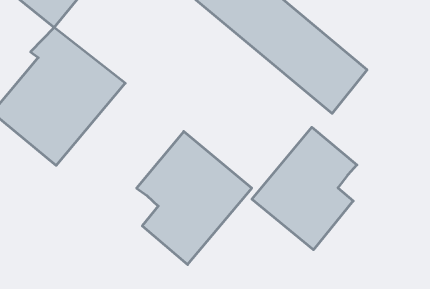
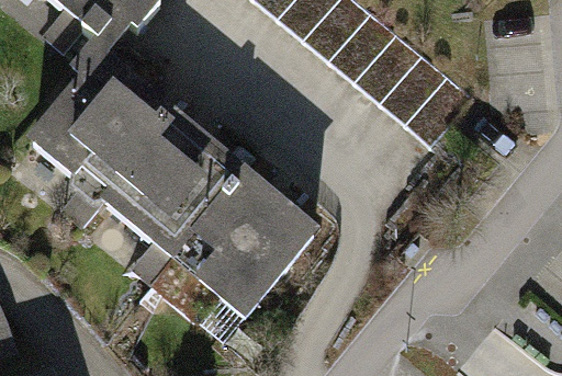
building: none -> [98,105,246,266]
building: [252,127,357,250] -> none

